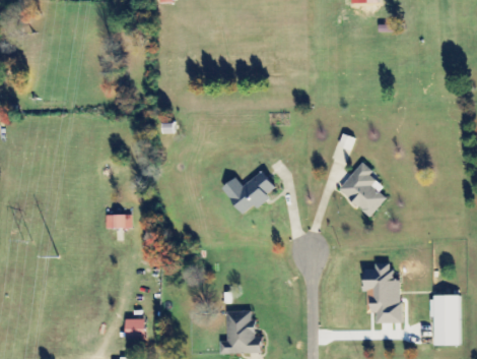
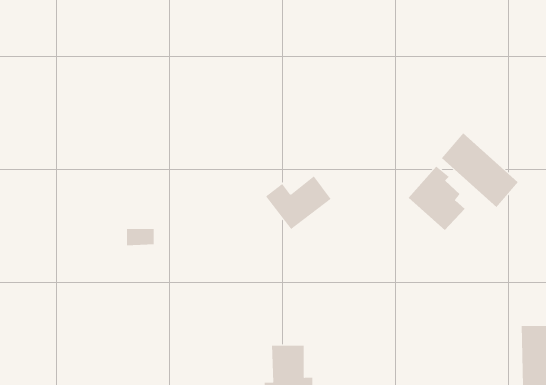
building: none -> [441,132,519,208]
building: [362,261,401,322] -> none
building: [124,318,143,338] -> none

